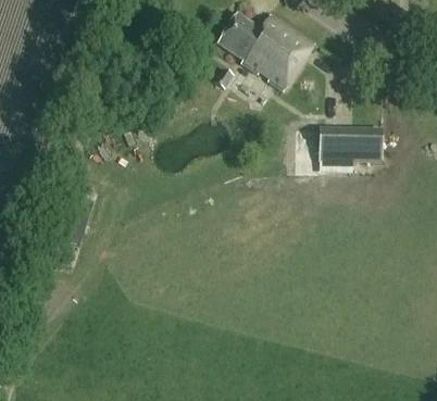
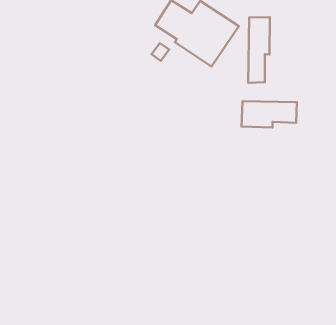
building: none -> [248,17,270,83]

